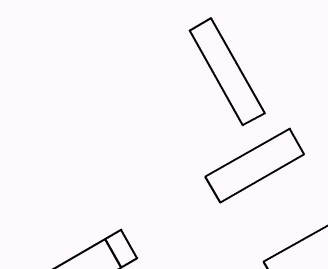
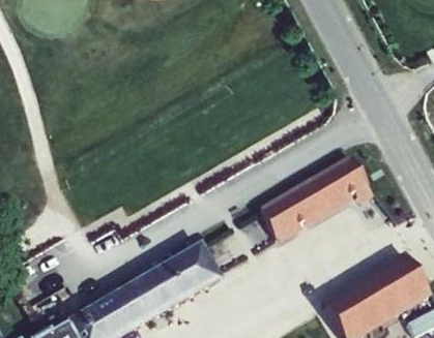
building: [190,18,265,125] -> none
building: none -> [168,247,221,298]

